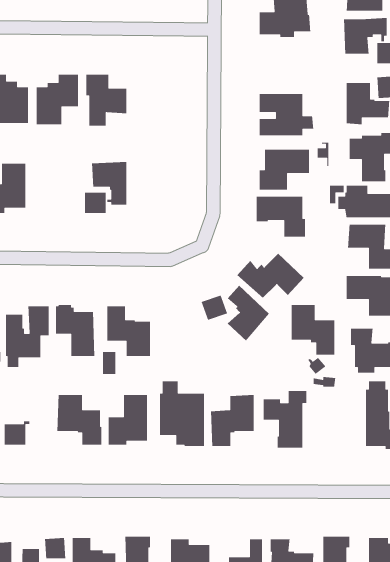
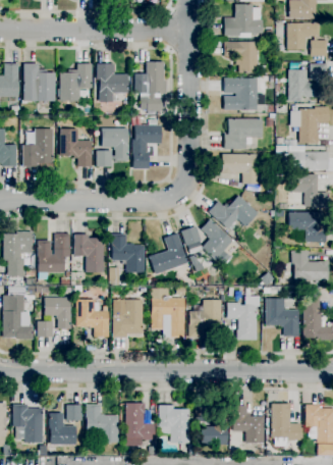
building: none -> [225,42,258,73]
building: none -> [135,62,167,111]
building: none -> [133,125,162,169]
building: none -> [61,130,93,167]
building: none -> [150,234,188,274]
building: [291,304,335,356] -> [267,299,299,337]
building: none -> [45,298,72,329]

